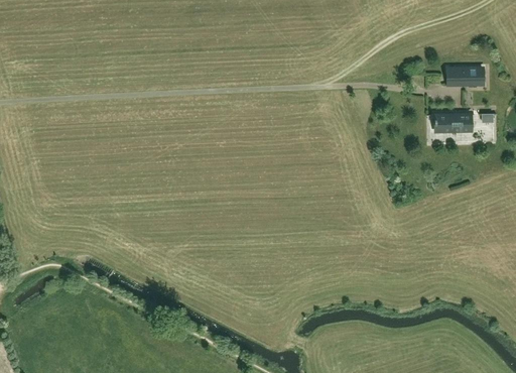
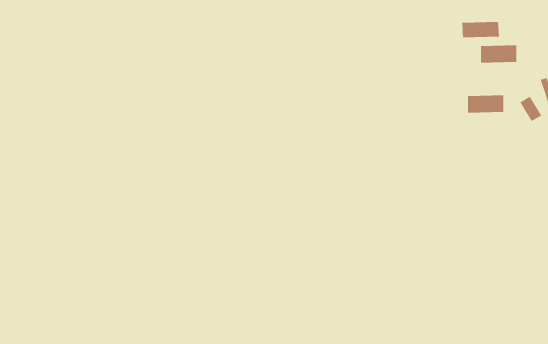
building: none -> [462,21,500,38]

